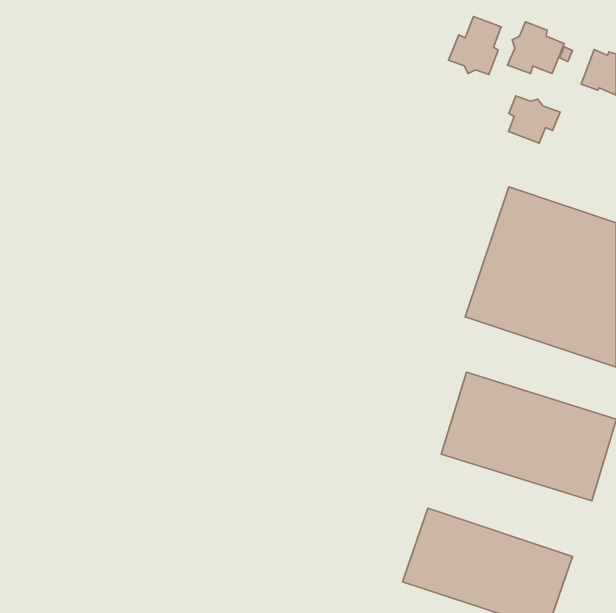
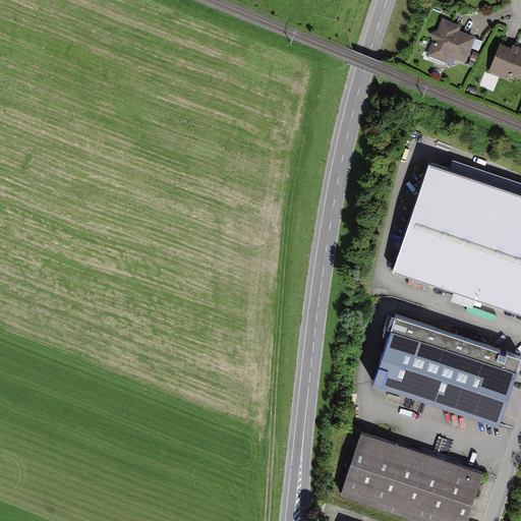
building: [448,16,501,75] -> none
building: [509,96,560,143] -> none

